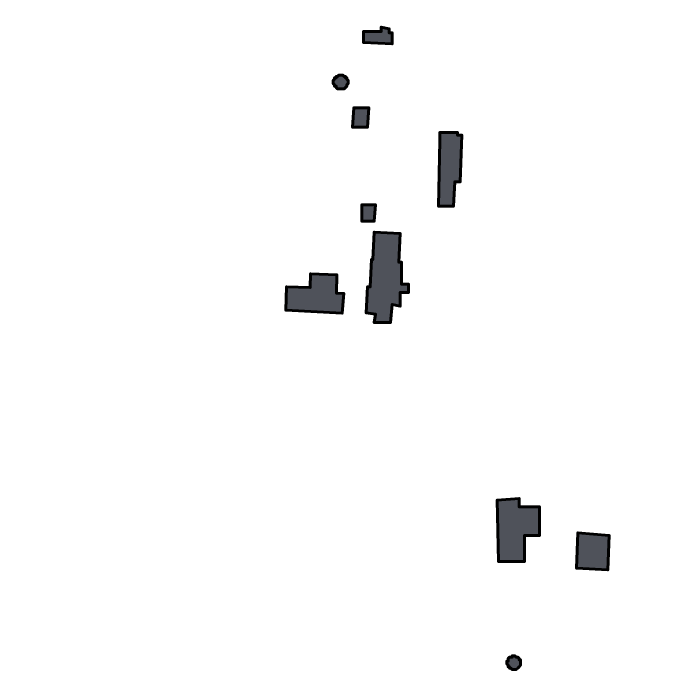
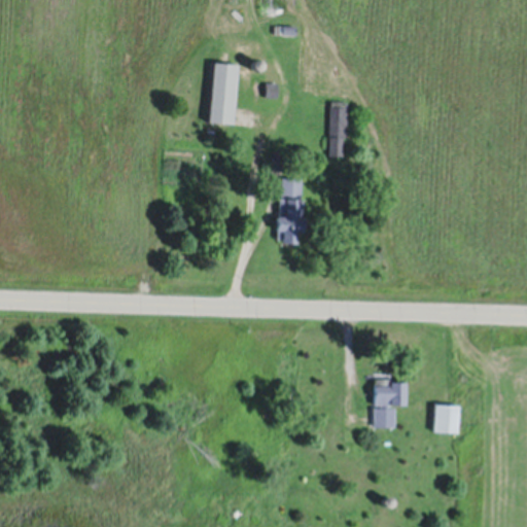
building: none -> [209,63,238,125]
building: [286,274,344,313] -> none

